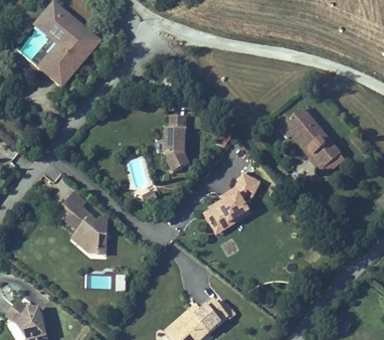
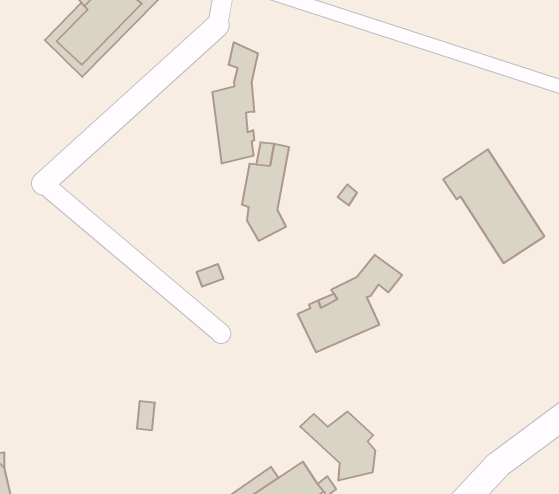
building: none -> [212,42,258,164]
building: [59,192,109,252] -> none
building: none -> [300,412,375,481]

